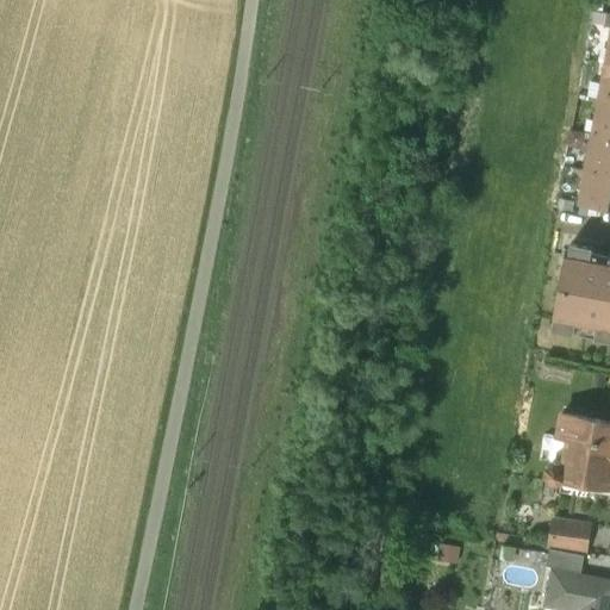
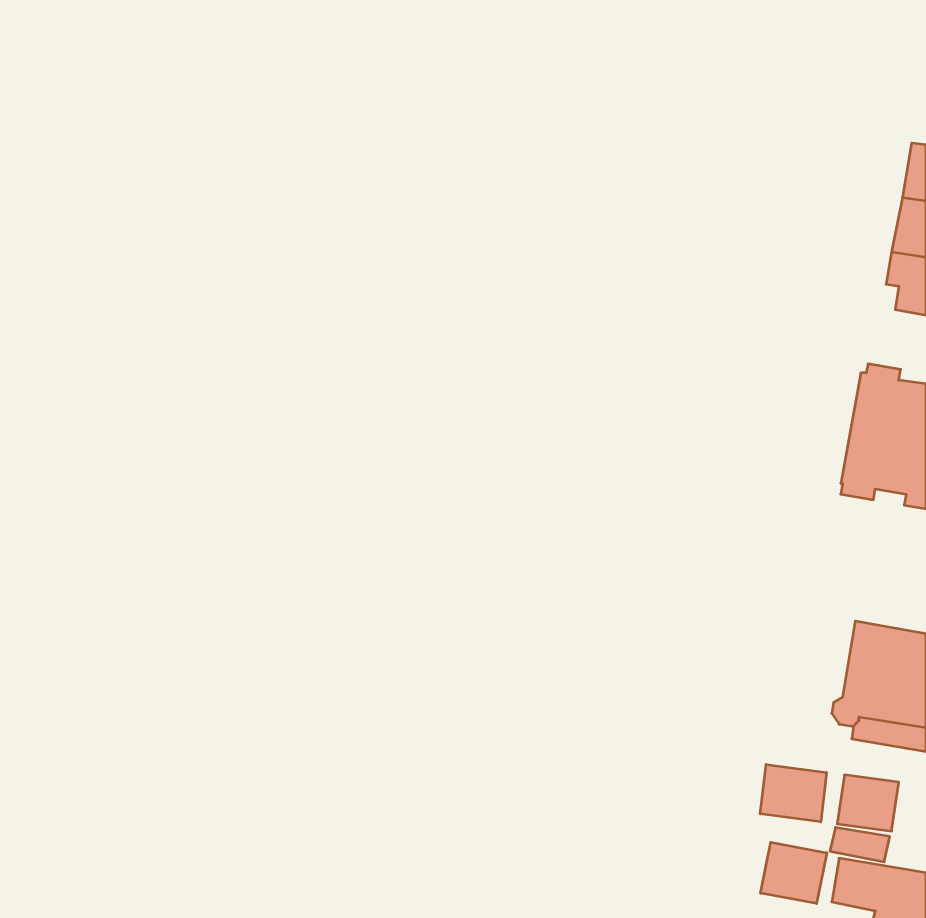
building: none -> [760,764,826,822]
building: none -> [761,842,827,904]

